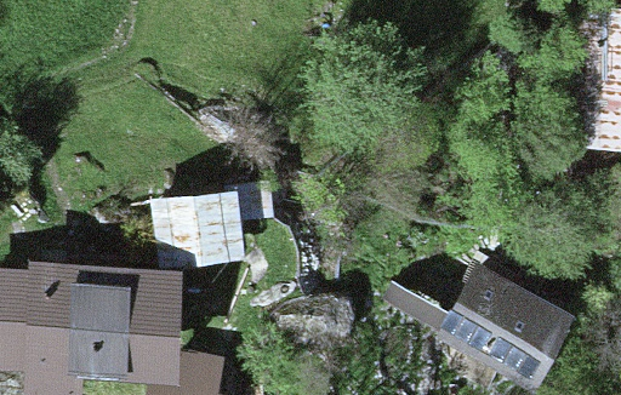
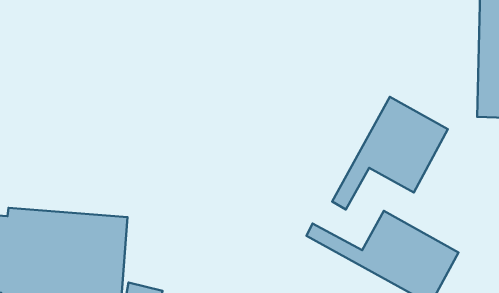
building: none -> [332,97,448,209]
building: [163,196,245,263] -> none

